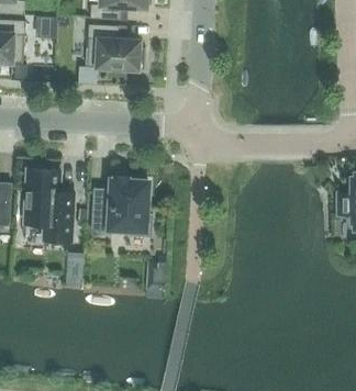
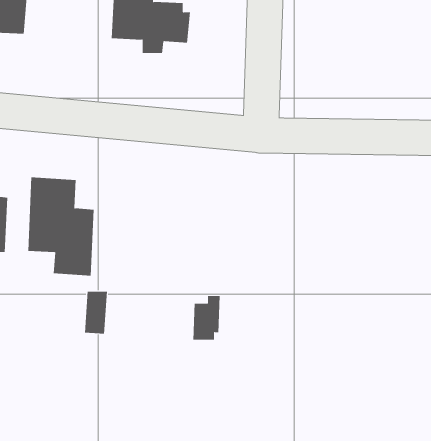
building: [90,178,153,237] -> none

